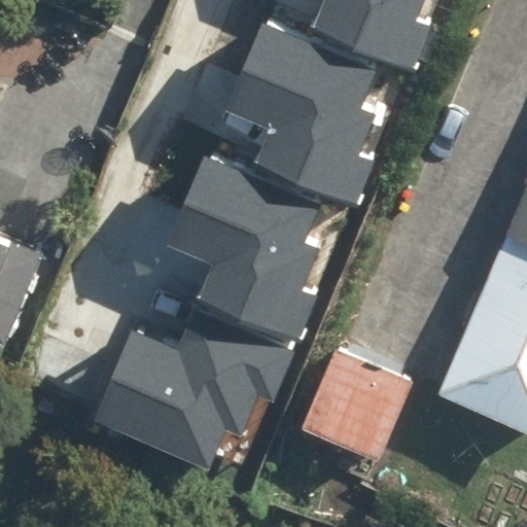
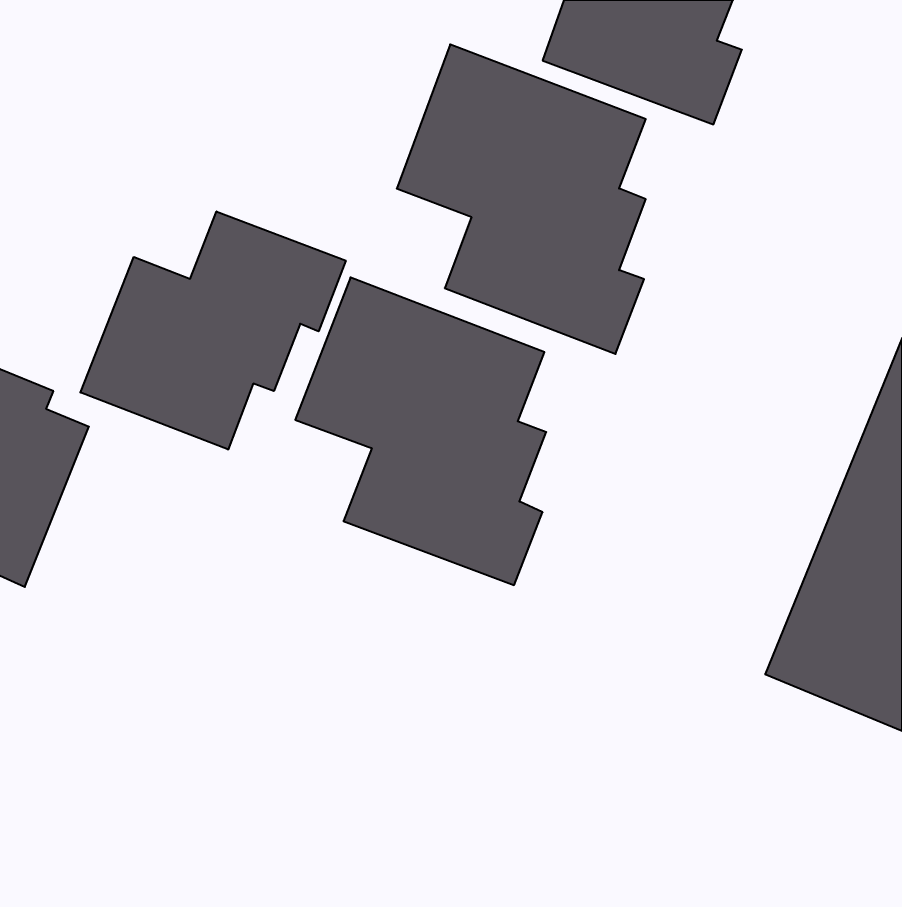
building: none -> [80,211,346,450]
building: [91,315,287,464] -> none
building: [300,350,416,463] -> none

